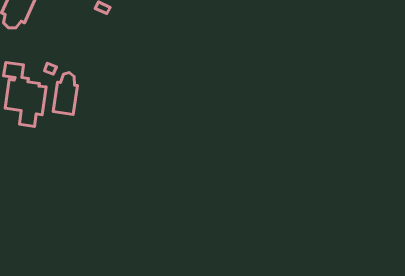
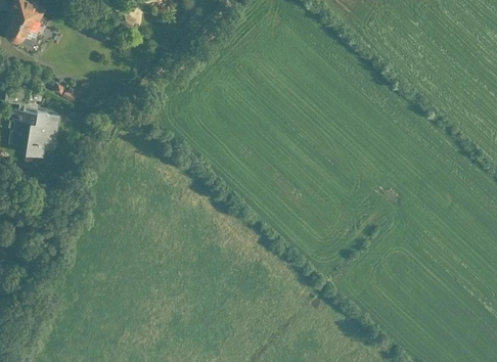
building: [53,72,77,115] -> none

